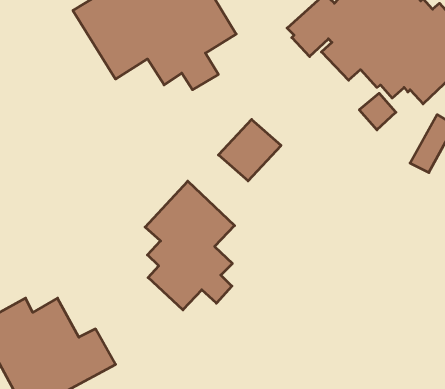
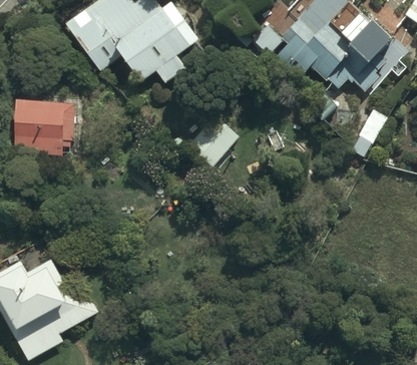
building: none -> [8,94,76,158]
building: [145,181,235,310] -> none

